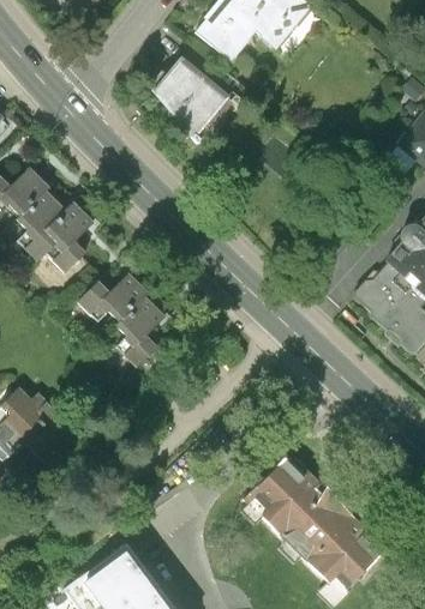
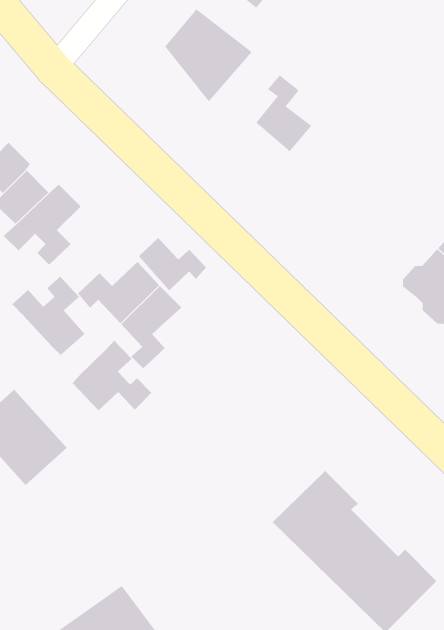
building: none -> [255,75,312,152]
building: none -> [138,237,207,291]
building: none -> [11,276,85,356]
building: none -> [72,340,152,411]

